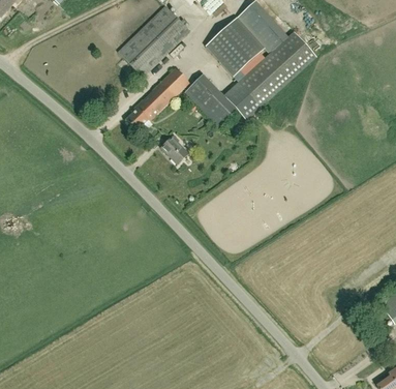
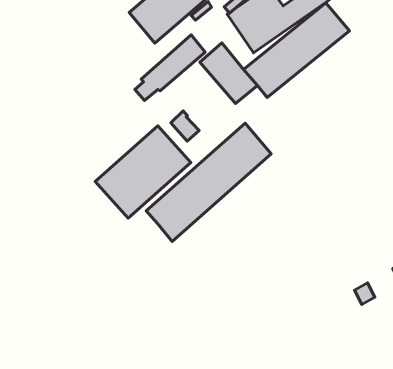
building: none -> [146,123,271,242]
building: none -> [95,126,191,218]

